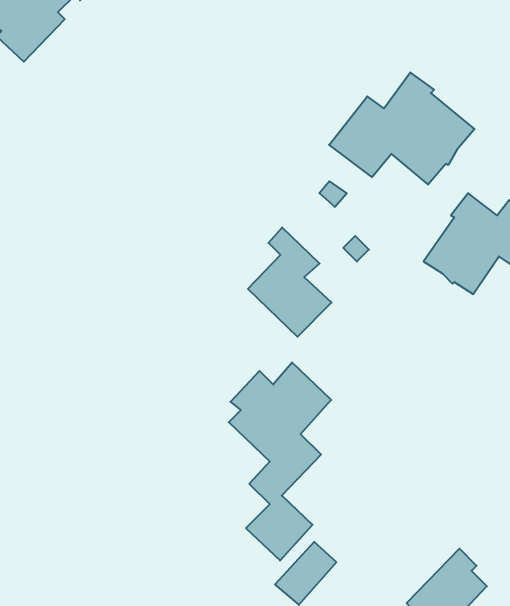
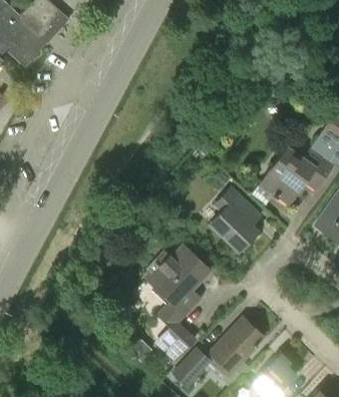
building: [329,72,475,185] -> none
building: [248,227,332,337] -> [209,187,258,252]
building: none -> [209,317,263,374]

